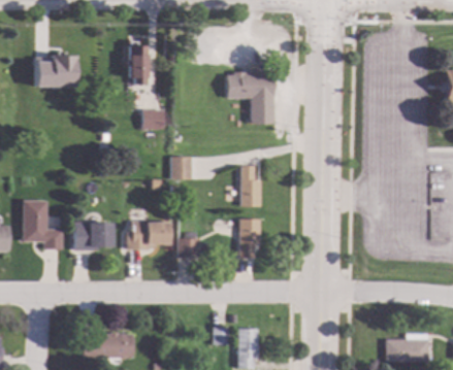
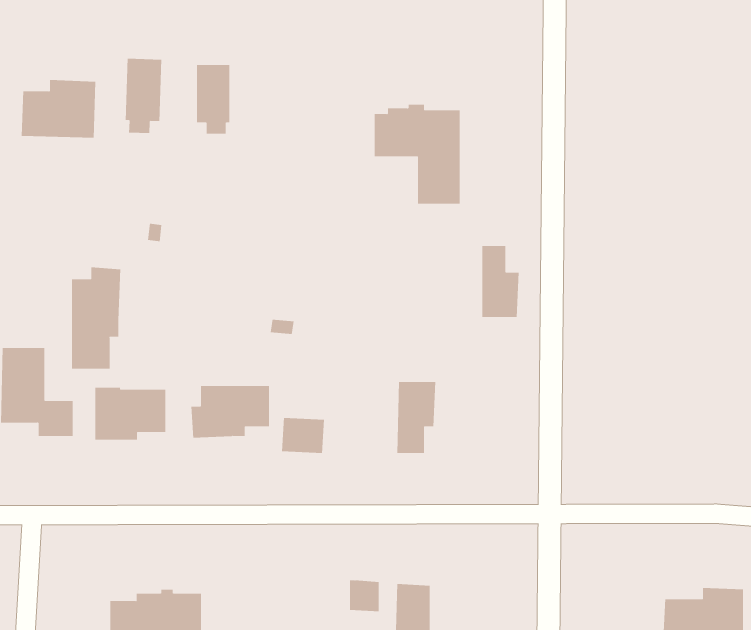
building: none -> [125,58,162,134]
building: [143,110,165,130] -> none
building: none -> [71,266,121,369]
building: [170,157,192,178] -> none
building: [241,167,262,206] -> [482,246,519,317]

